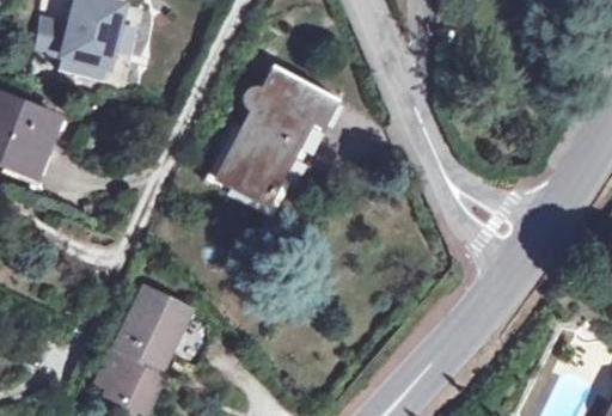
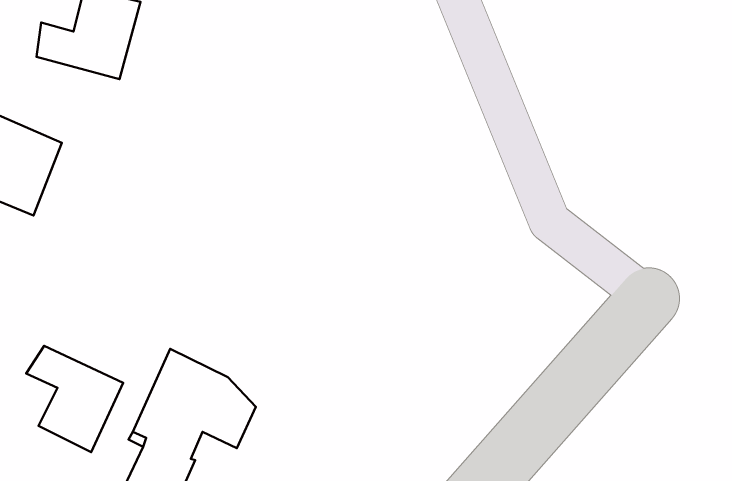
building: [215,67,335,204] -> none
building: none -> [26,346,123,452]

